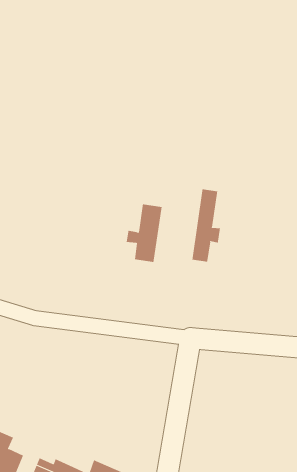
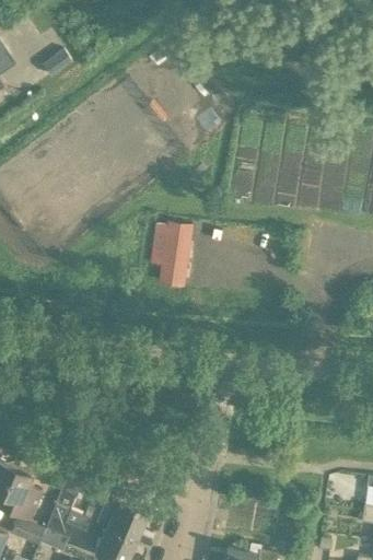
building: [192,189,220,262] -> none

